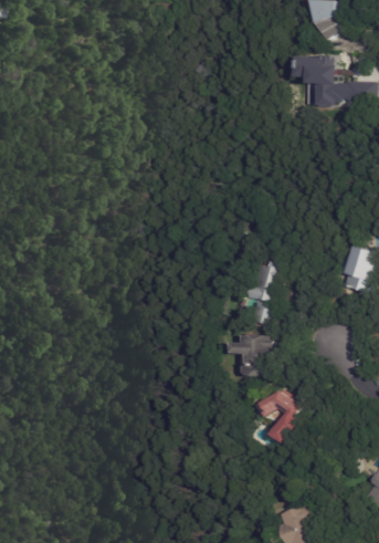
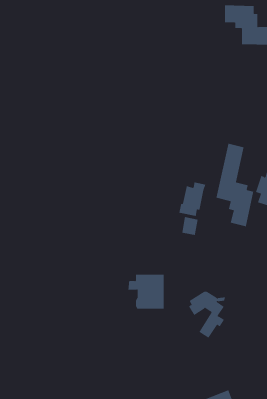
building: none -> [216,143,254,227]
building: [229,335,272,376] -> [127,274,164,309]

